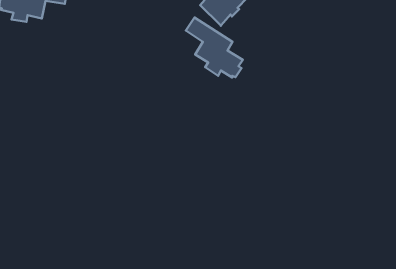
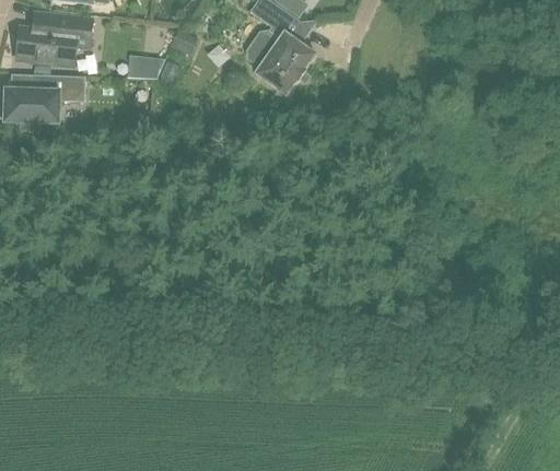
building: [186,18,243,77] -> none

